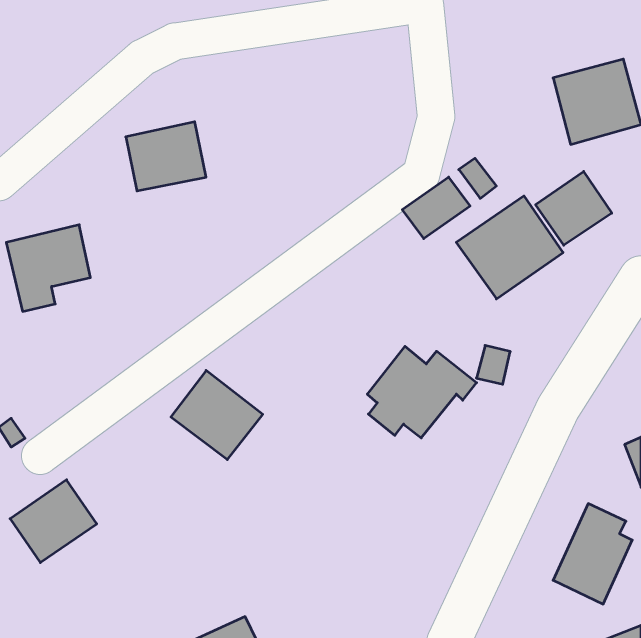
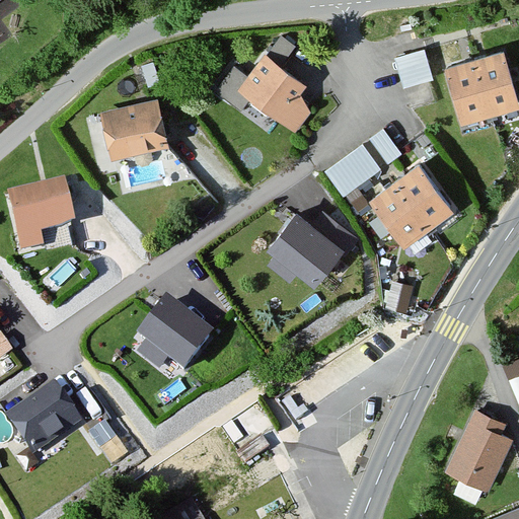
building: none -> [213,34,309,131]
building: none -> [392,49,433,88]
building: [536,171,612,245] -> none
building: [367,346,477,438] -> [267,210,355,284]

